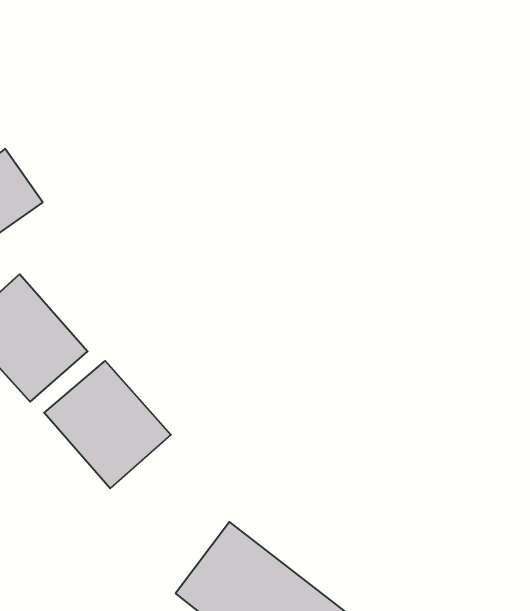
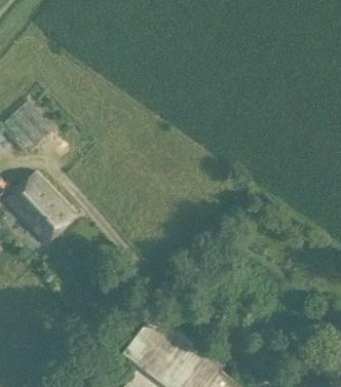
building: [44,361,171,488] -> none

